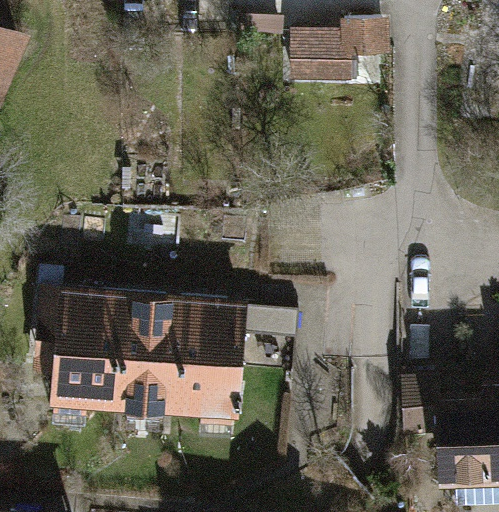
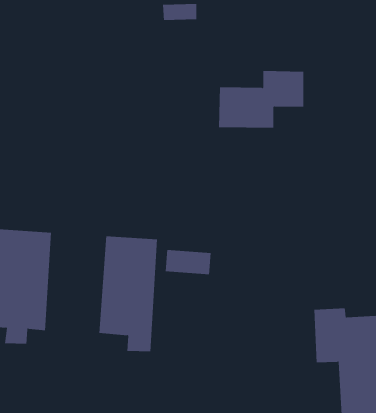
building: [291,18,392,86] -> [218,71,304,128]
building: [107,288,177,425] -> none

